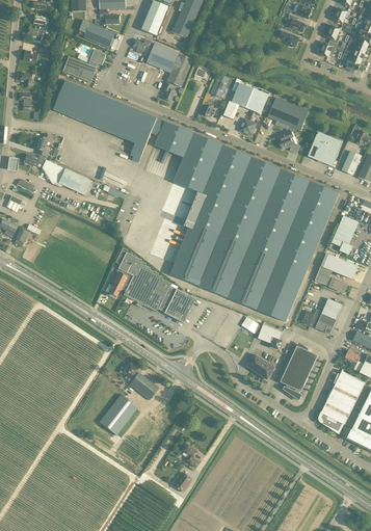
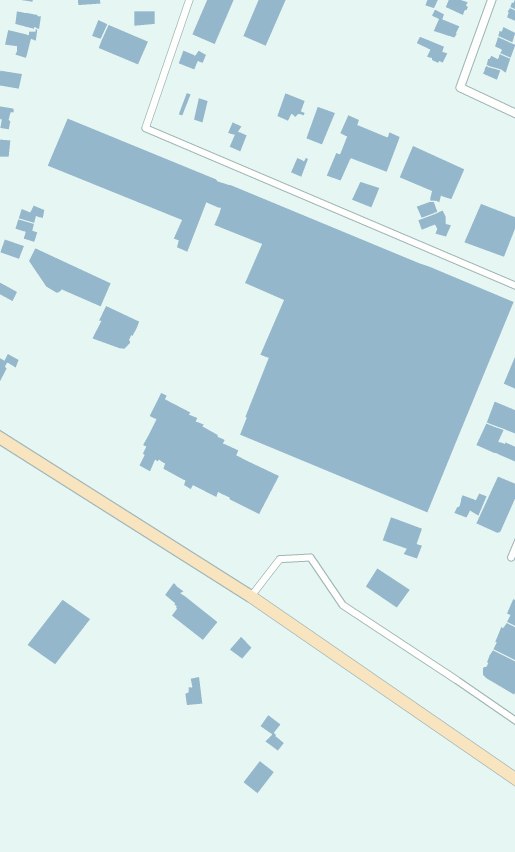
building: [145,43,192,86] -> none
building: [62,49,105,82] -> none
building: none -> [92,305,140,349]
building: [280,345,317,398] -> none
building: [98,394,137,434] -> [26,599,91,665]

